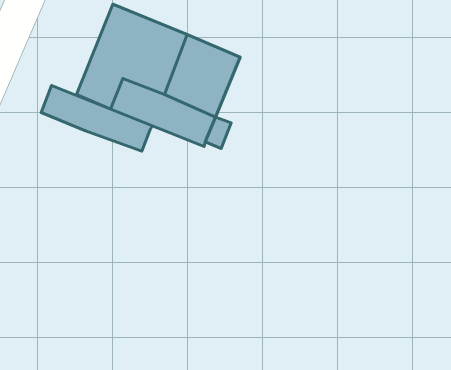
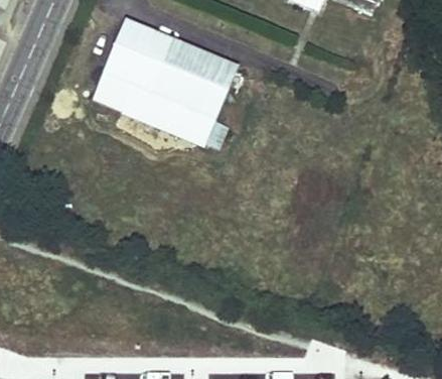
building: [41,86,152,151] -> none

